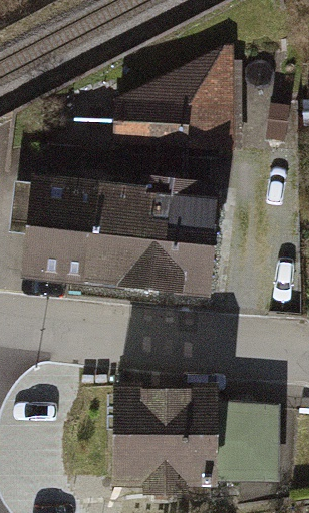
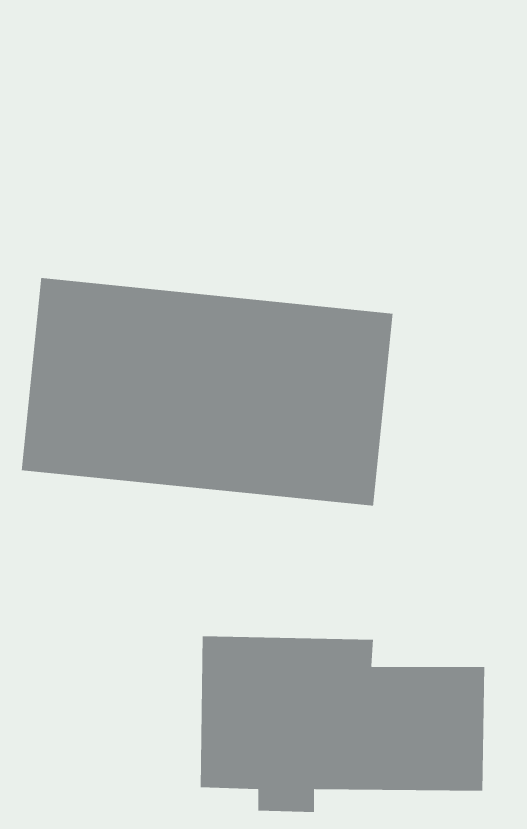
building: [110,42,236,154] -> none

